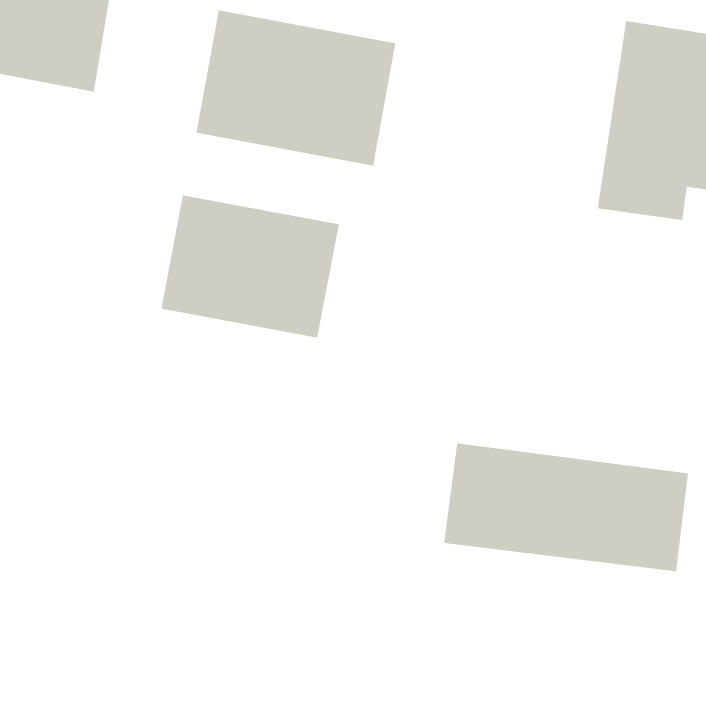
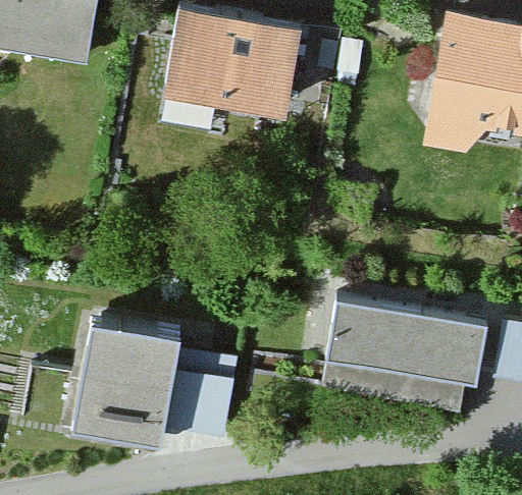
building: [160,194,340,339] -> none
building: none -> [67,322,168,442]

